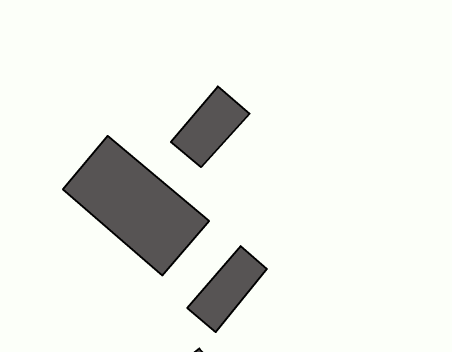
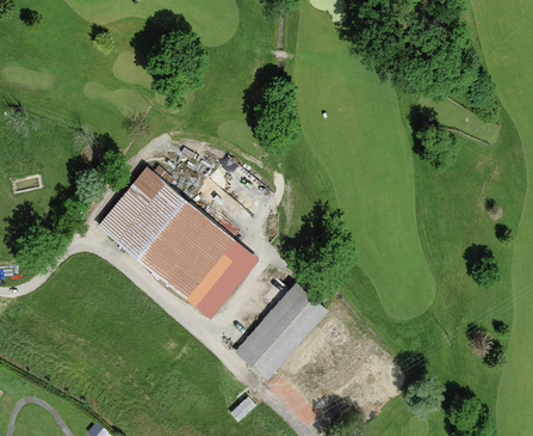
building: [171,86,250,167] -> none

